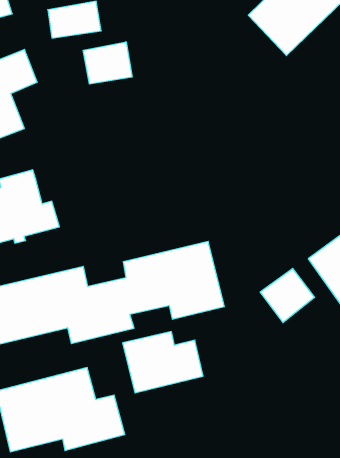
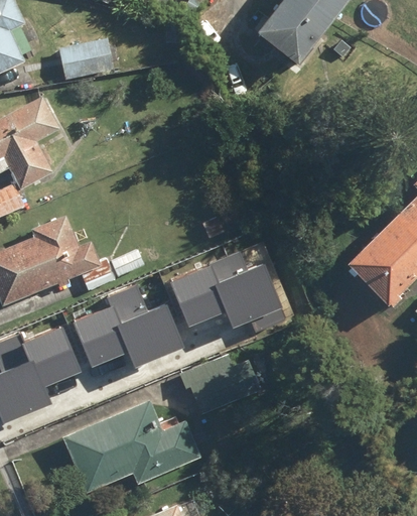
building: [83,42,132,84] -> none
building: [260,268,315,323] -> none

